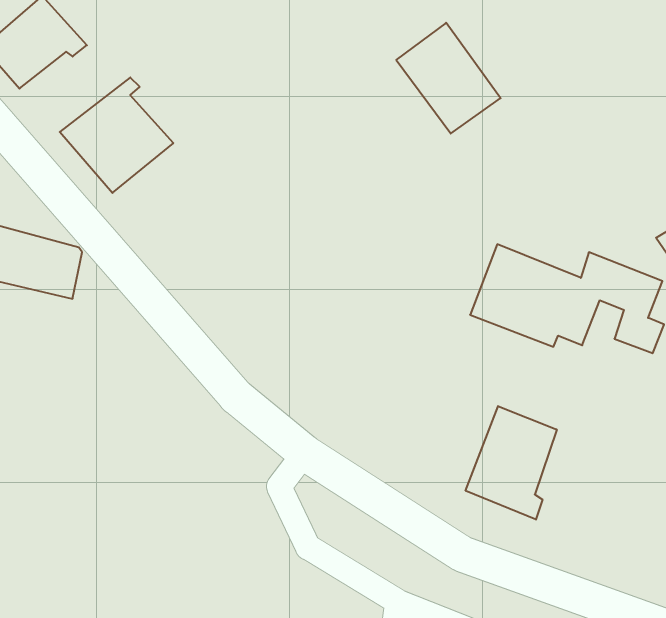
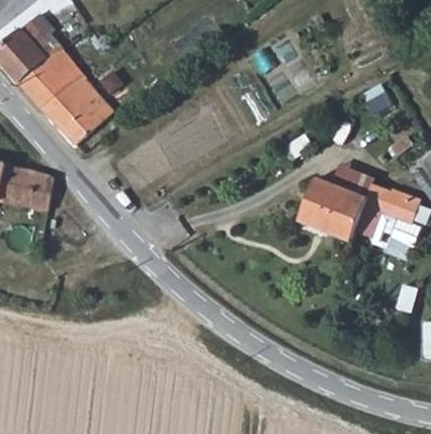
building: none -> [14,46,84,104]
building: [466,406,557,520] -> none

